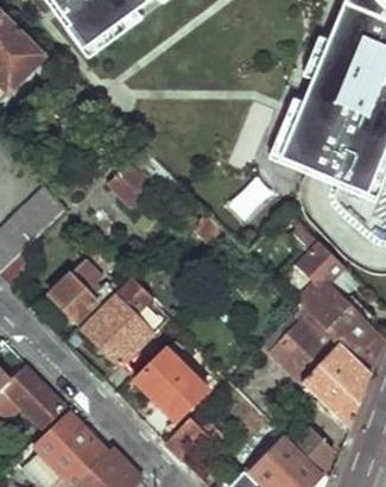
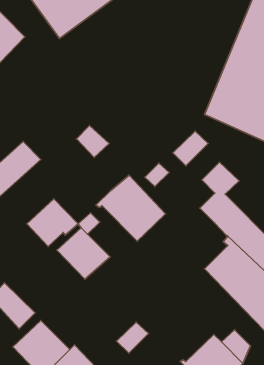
building: none -> [96,175,166,241]
building: [135,341,204,418] -> none

